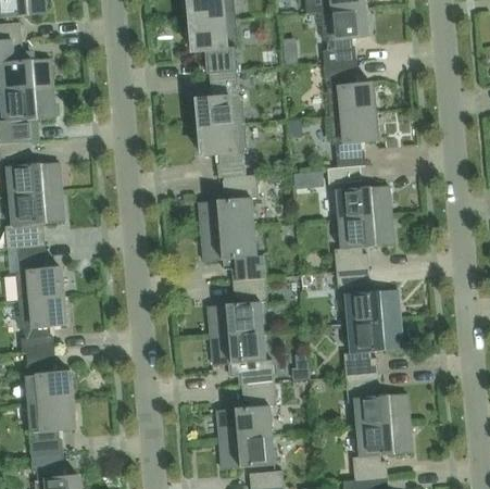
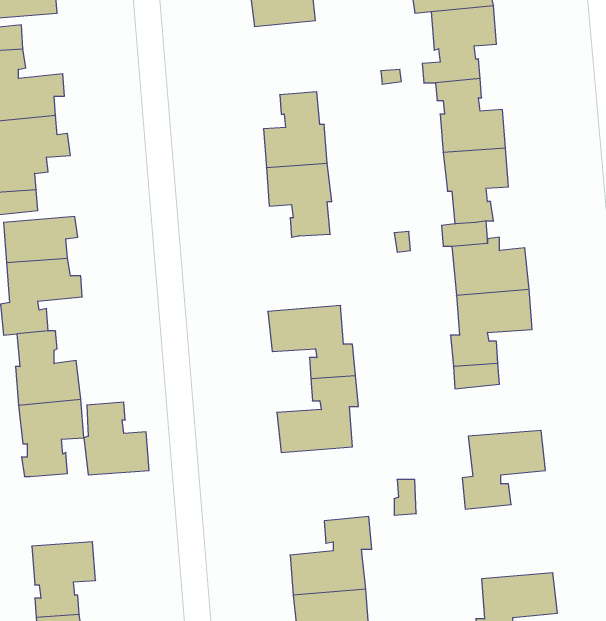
building: [190,18,237,73] -> none
building: [198,174,257,231] -> none
building: [344,289,400,323] -> none
building: [210,330,274,385] -> none
building: [24,350,72,403] -> [84,402,149,475]
building: [344,373,409,427] -> none

